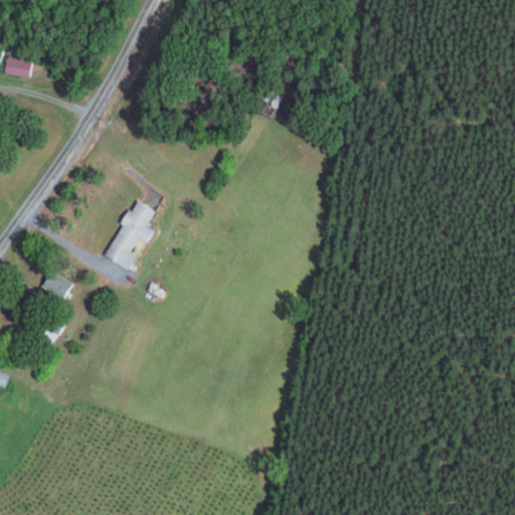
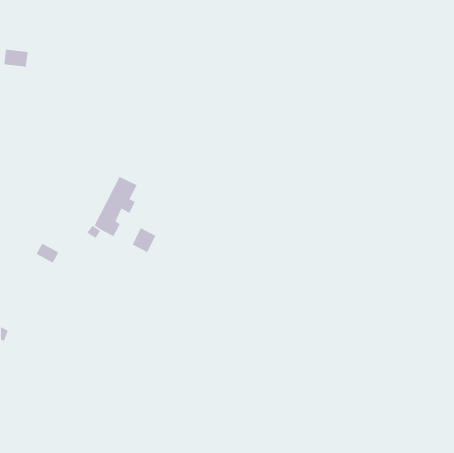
building: none -> [132,227,157,253]

